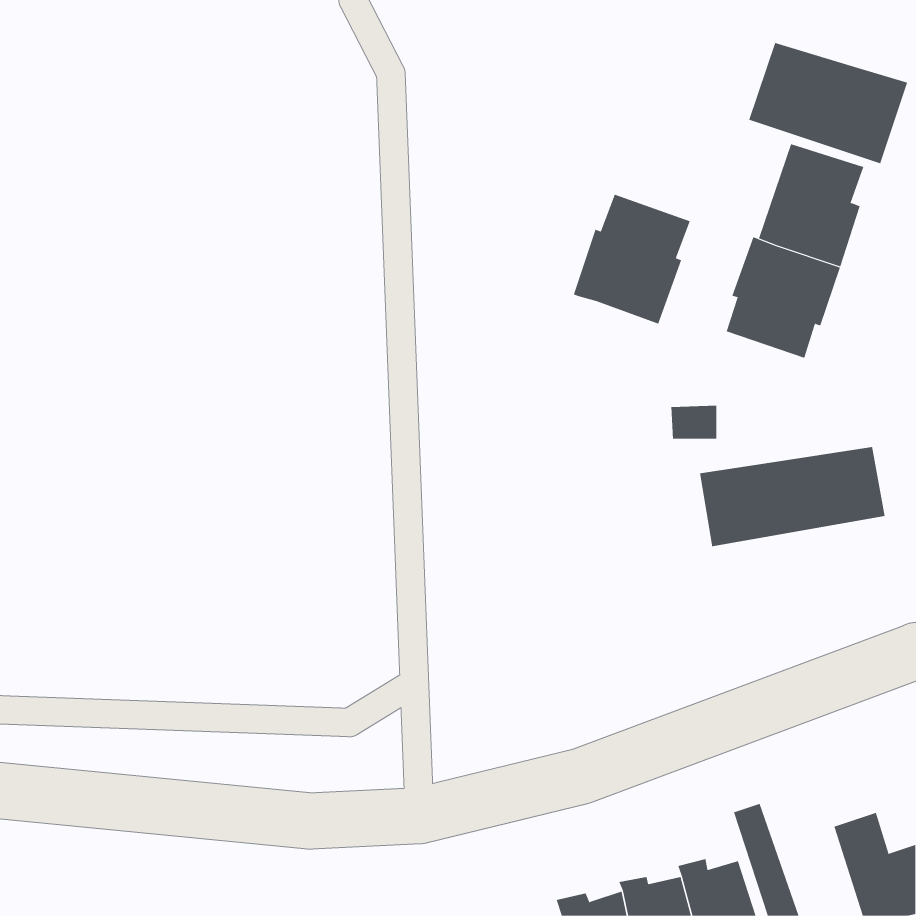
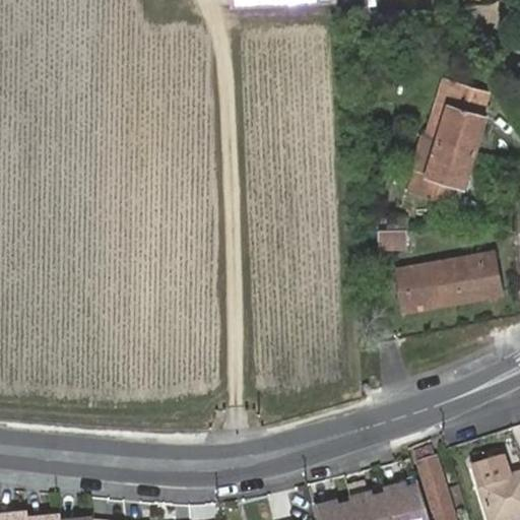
building: [749,42,908,164] -> none
building: [573,194,691,325] -> none

